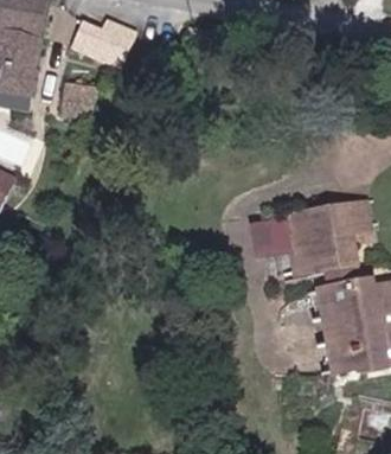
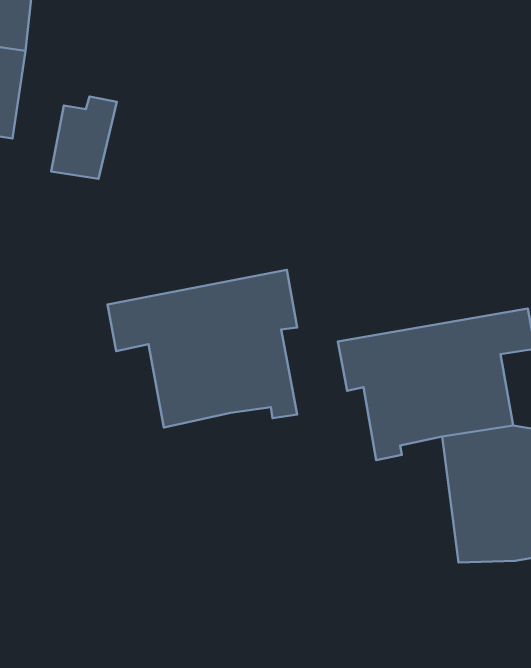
building: [78,21,140,71] -> none
building: none -> [108,270,297,427]

